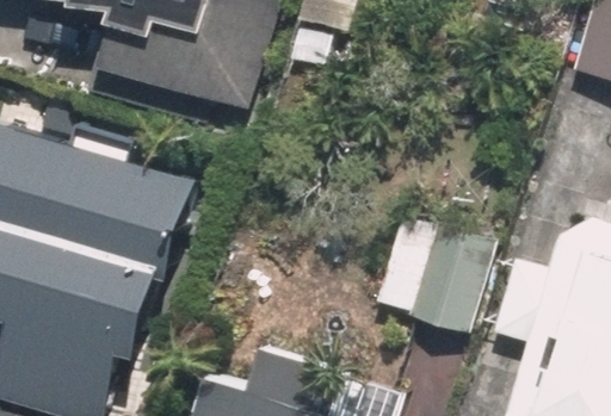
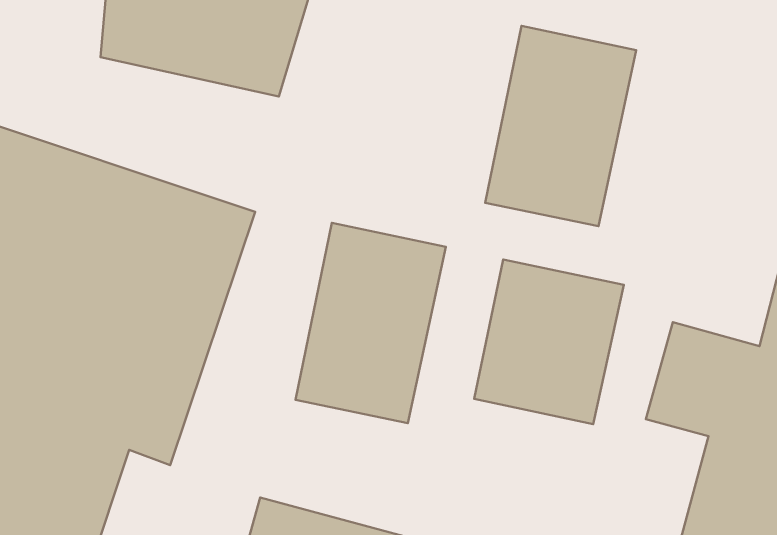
building: none -> [485,26,636,226]
building: none -> [296,223,446,423]

